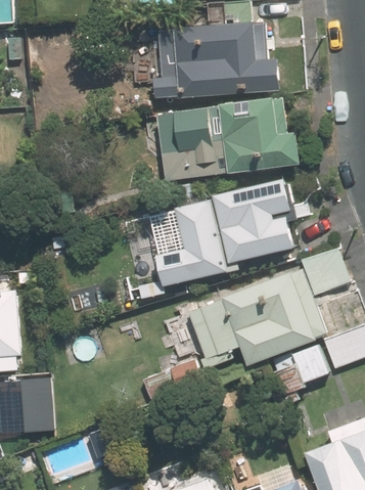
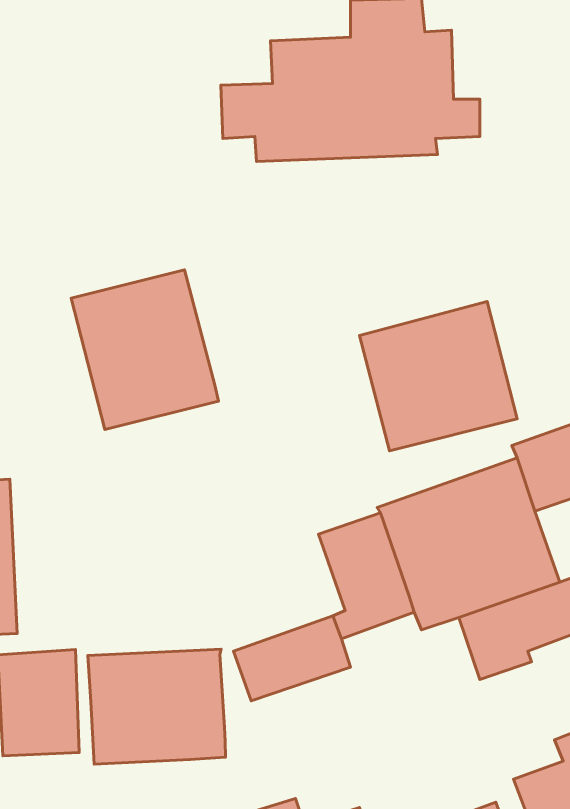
building: [142,98,305,179] -> none
building: [147,197,232,289] -> [71,270,218,429]
building: none -> [88,649,225,764]

